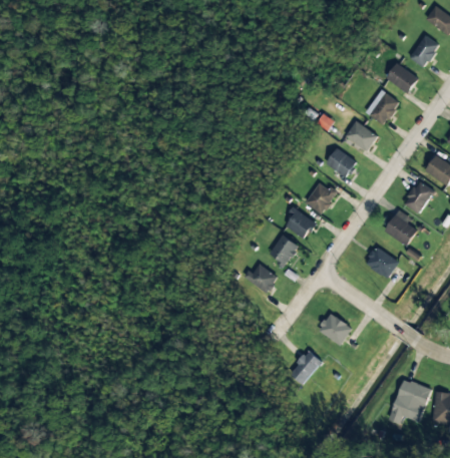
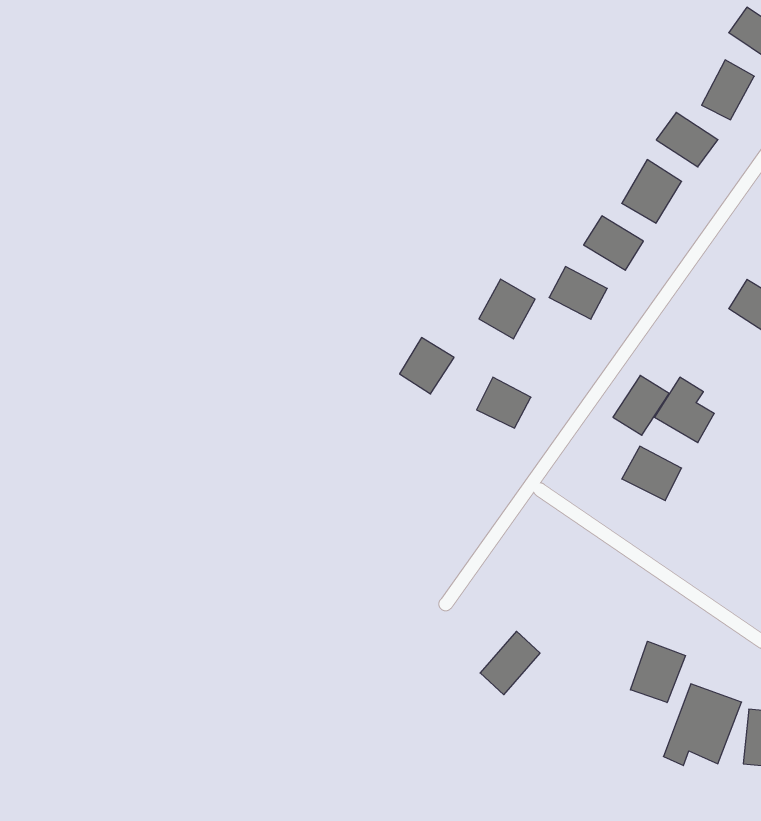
building: [402,180,433,213] -> [613,375,669,435]
building: [305,181,336,214] -> [479,279,535,339]
building: [268,235,298,266] -> [400,338,454,394]
building: [245,263,277,293] -> none
building: [318,313,352,346] -> none
building: none -> [630,641,686,703]

